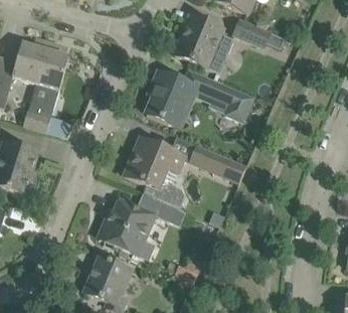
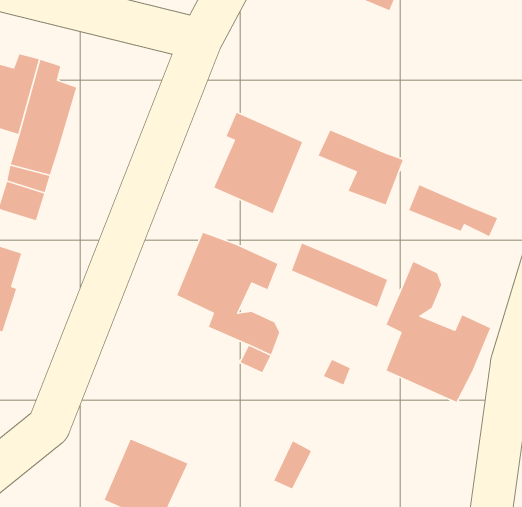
building: [174,14,235,73] -> none
building: [233,18,285,48] -> [408,184,498,237]
building: none -> [385,261,491,403]
building: [99,199,155,253] -> none

